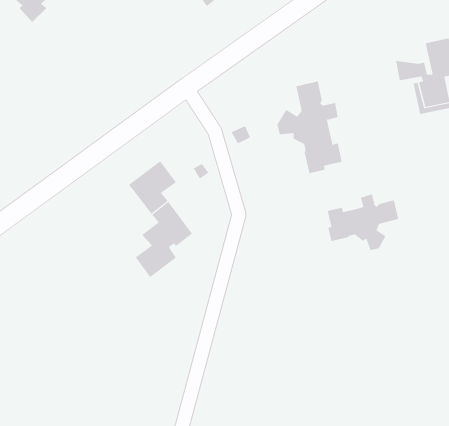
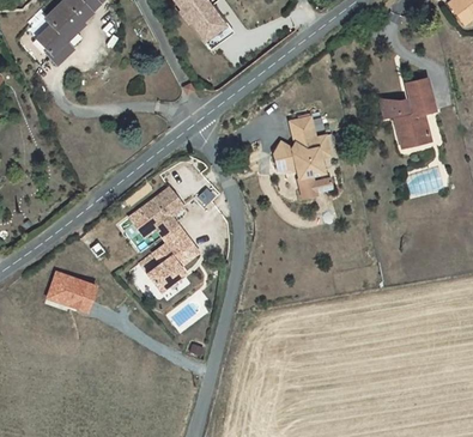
building: [327,194,399,251] -> none
building: none -> [49,271,102,310]

